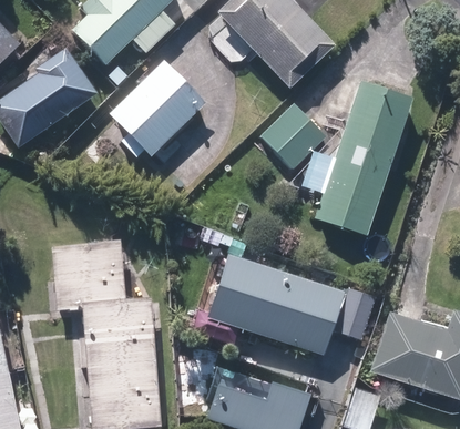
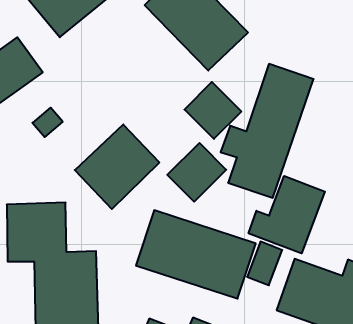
building: [108,59,206,157] -> [75,124,159,209]
building: none -> [167,143,226,202]
building: none -> [249,176,325,253]

